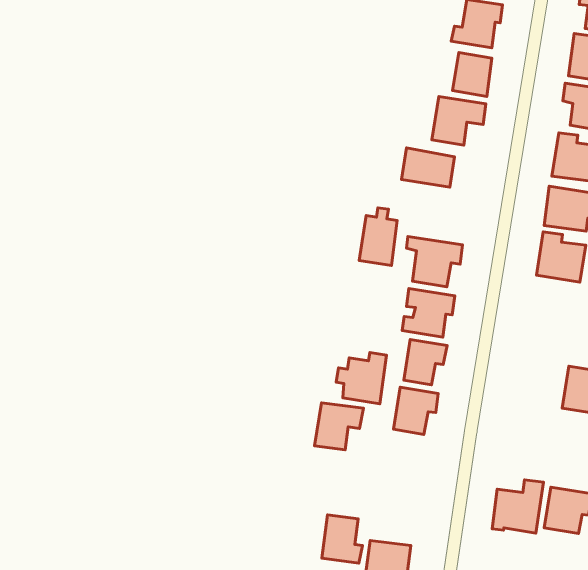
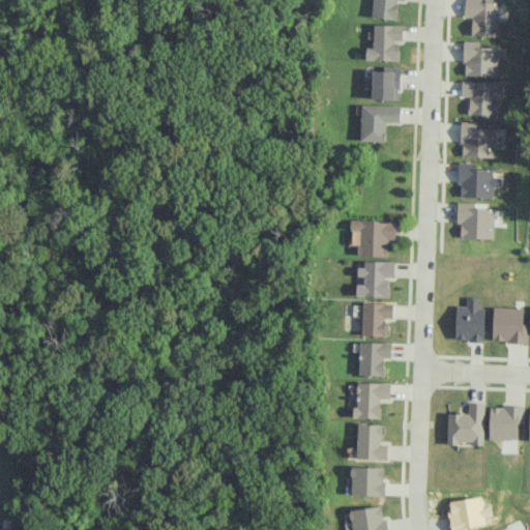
building: [402,148,454,187] -> none
building: [359,208,397,265] -> none
building: none -> [454,297,483,342]
building: [336,352,387,404] -> none
building: [315,403,364,450] -> [355,383,390,418]
building: [322,515,363,563] -> [357,424,388,460]

